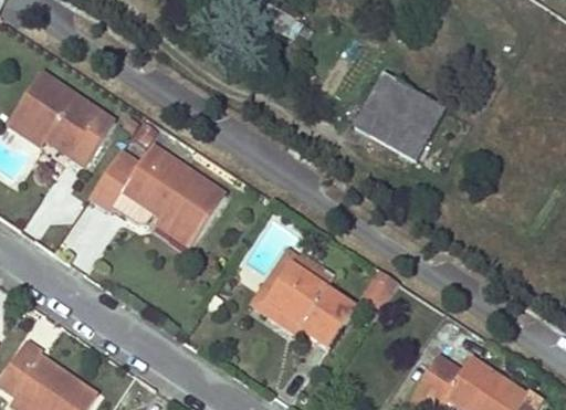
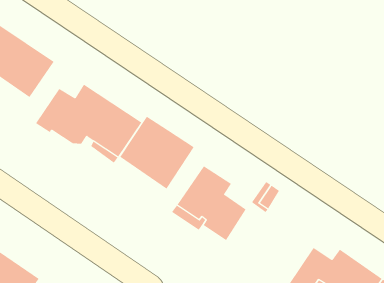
building: [352,72,443,158] -> none
building: none -> [120,116,195,190]

